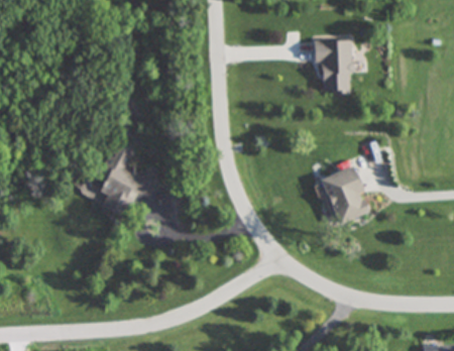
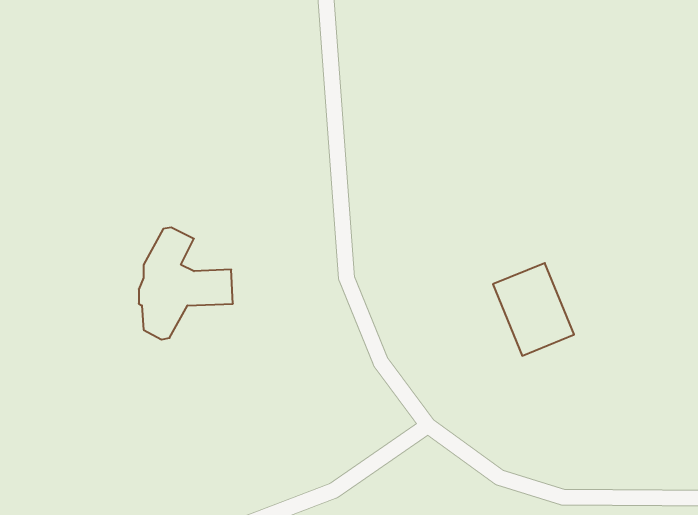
building: [314,39,352,92] -> none

